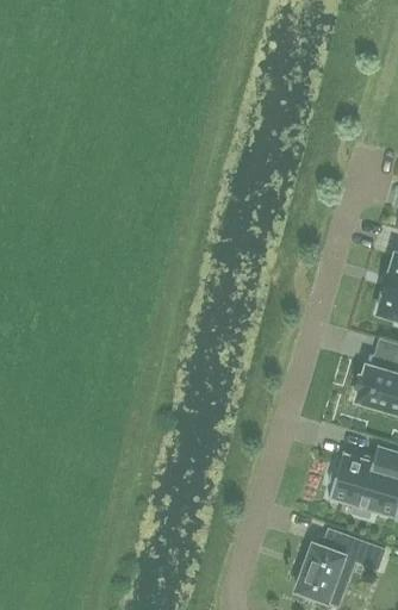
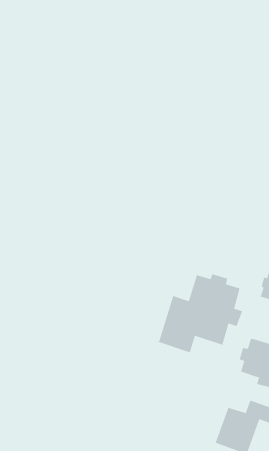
building: none -> [157,274,243,353]

